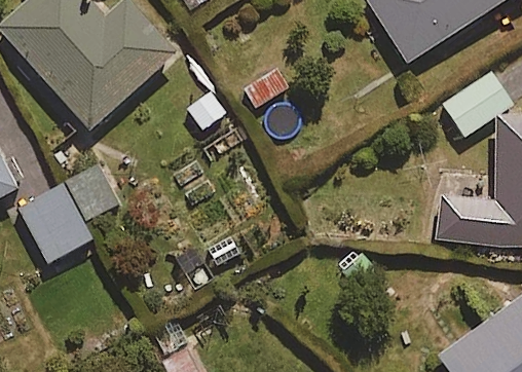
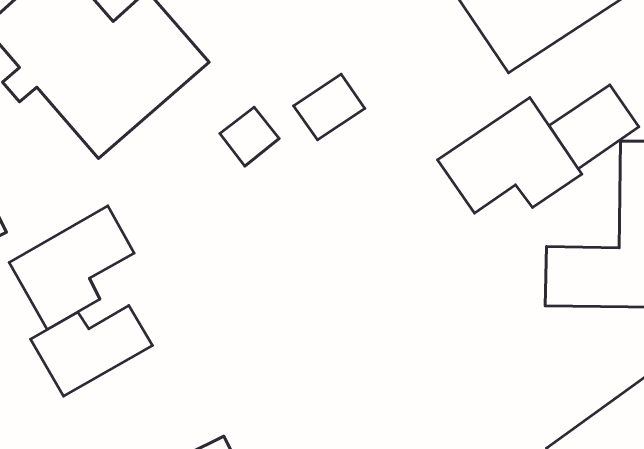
building: none -> [437,98,582,213]
building: none -> [31,306,152,396]

